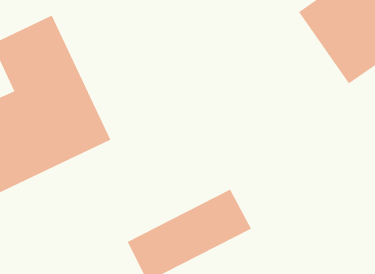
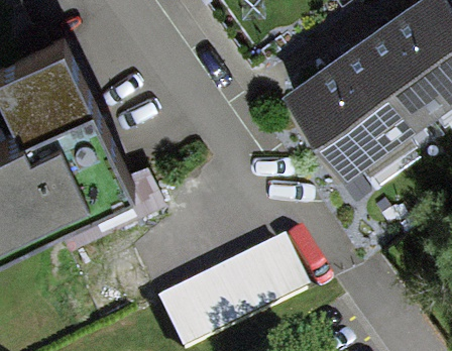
building: none -> [280,37,415,177]

